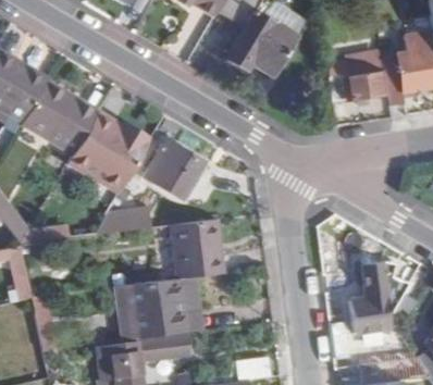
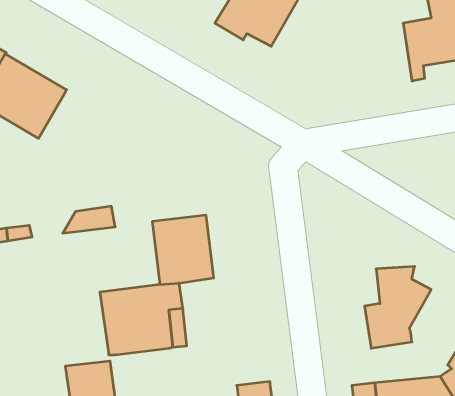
building: [326,51,385,102] -> none
building: [69,115,149,191] -> none
building: [146,141,202,198] -> none
building: [140,333,188,368] -> none

